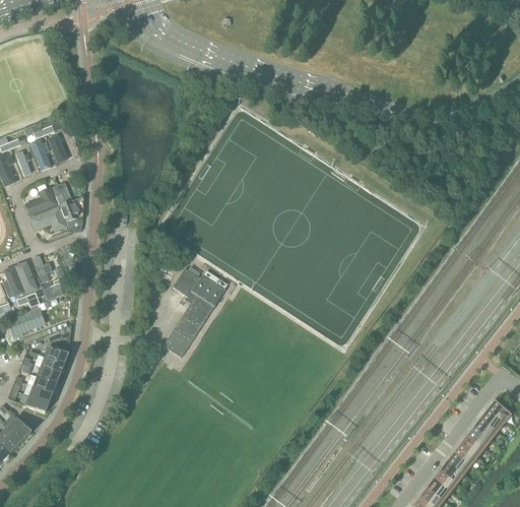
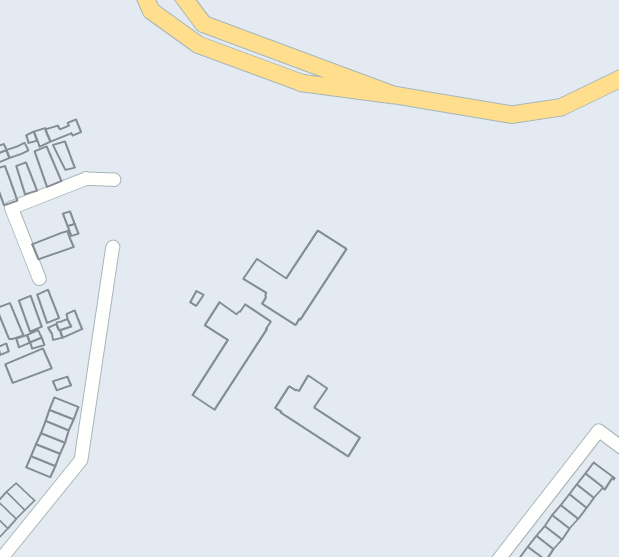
building: [22,189,54,210] -> none
building: none -> [243,231,346,325]
building: none -> [275,376,360,456]

